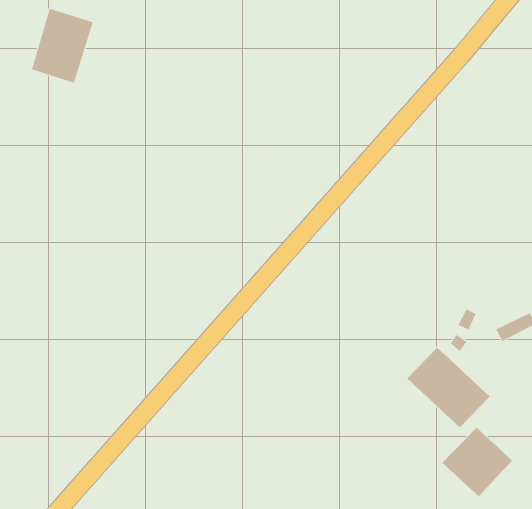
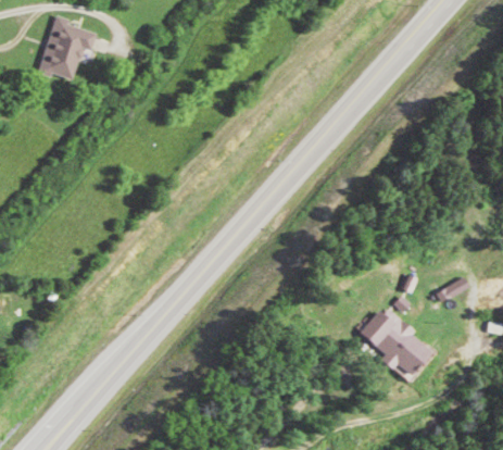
building: [442,427,513,497] -> none

